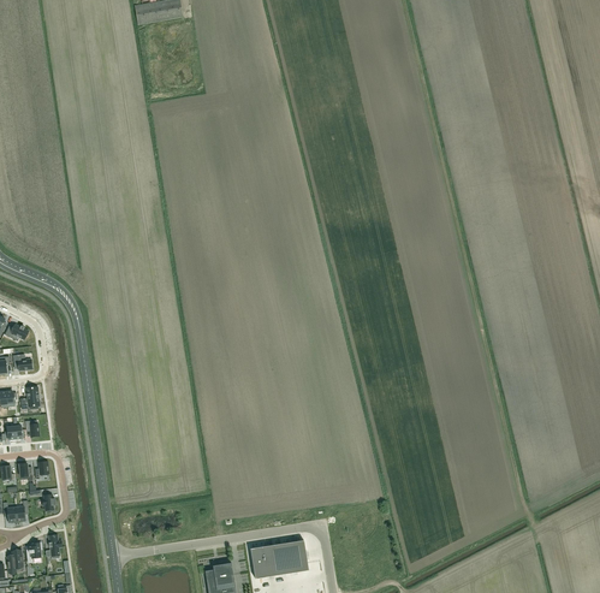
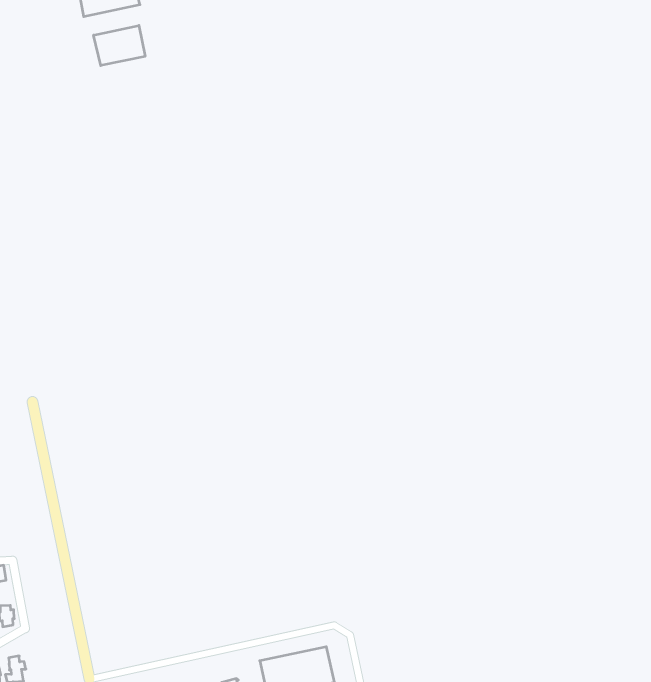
building: none -> [94,25,145,66]

